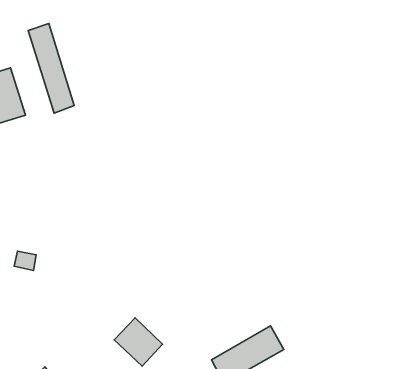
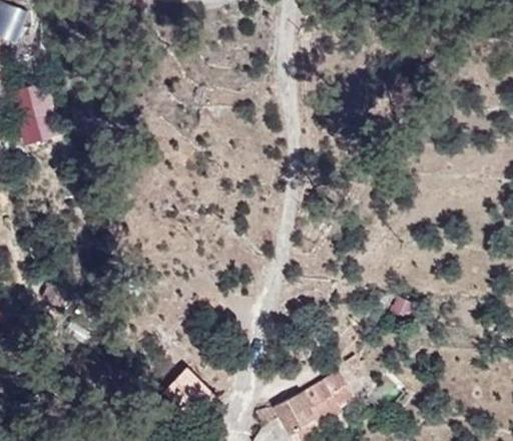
building: [28,24,74,113] -> none

